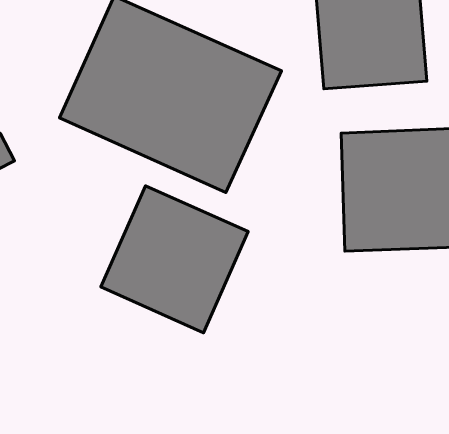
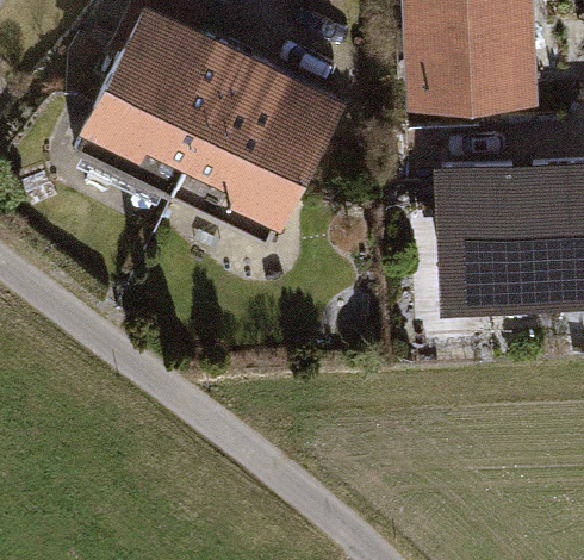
building: [101,186,248,333] -> none

